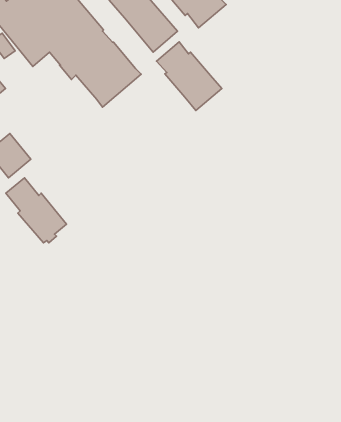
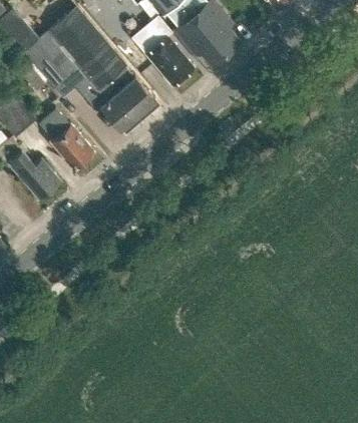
building: [156,42,222,110] -> none
building: [6,178,67,243] -> [39,109,94,168]

